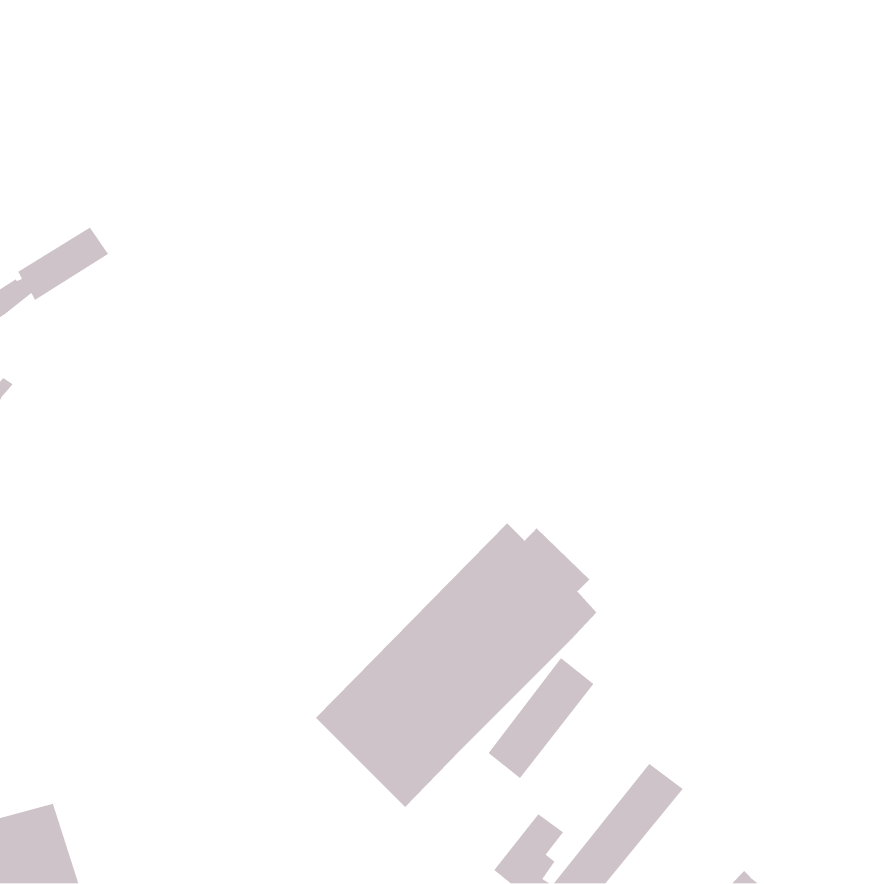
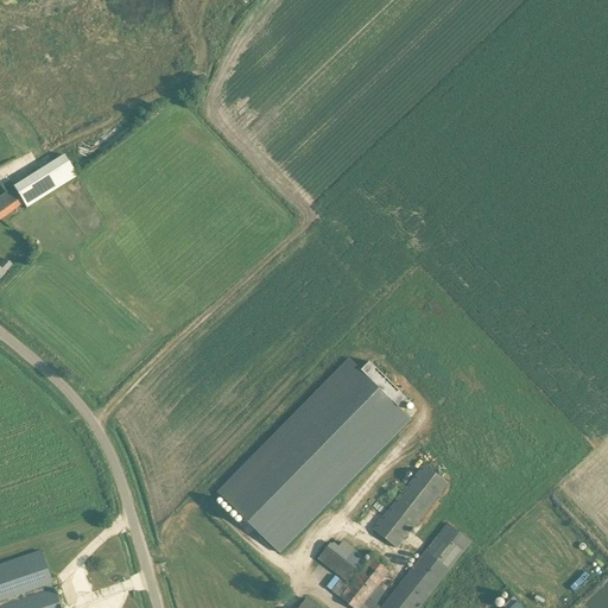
building: [487,658,595,779] -> [372,464,445,547]
building: none -> [315,539,362,581]

